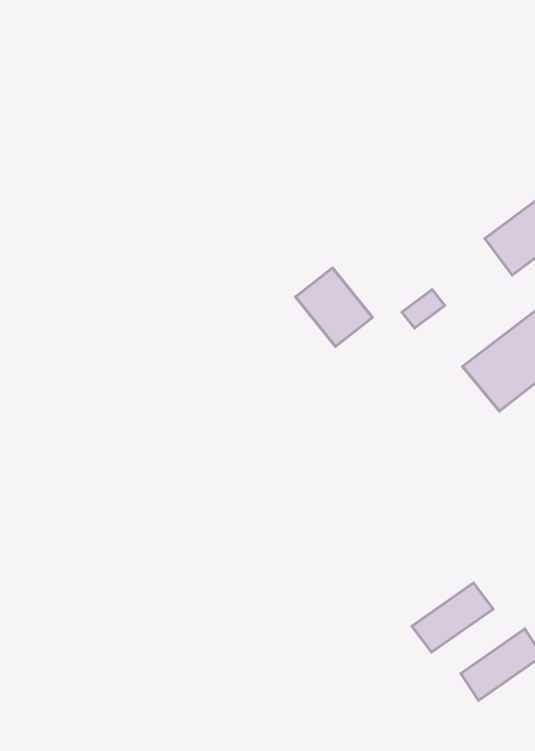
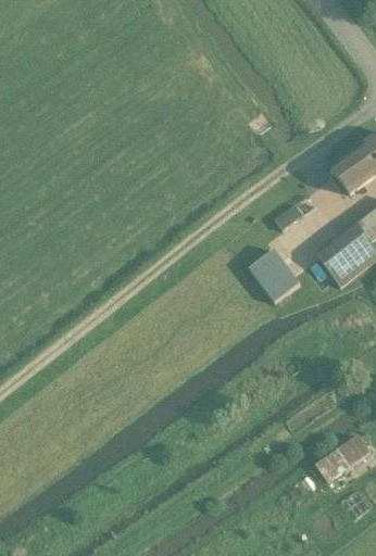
building: [296,268,372,346] -> [248,250,300,303]
building: [412,583,493,652] -> none

